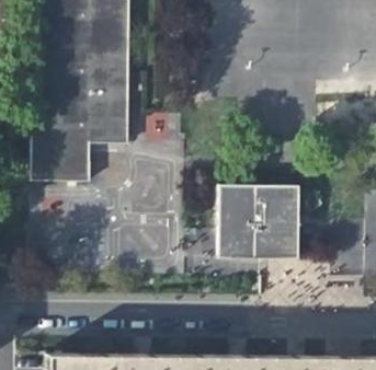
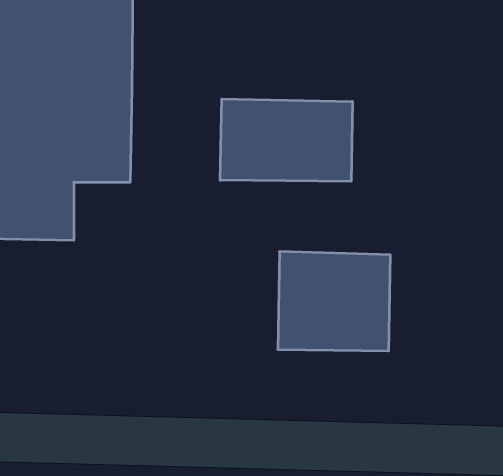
building: none -> [220,99,352,181]

